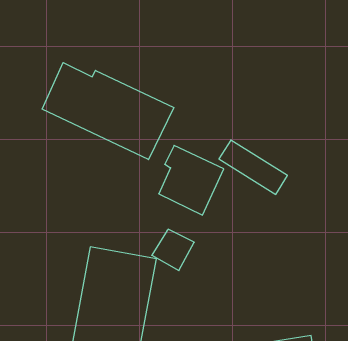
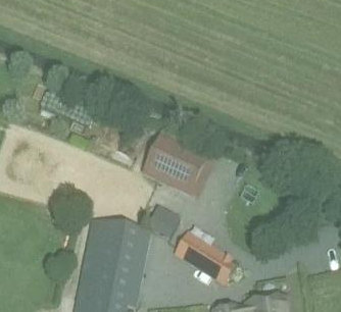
building: [42,63,174,160] -> none
building: [219,140,287,194] -> [175,232,234,279]

